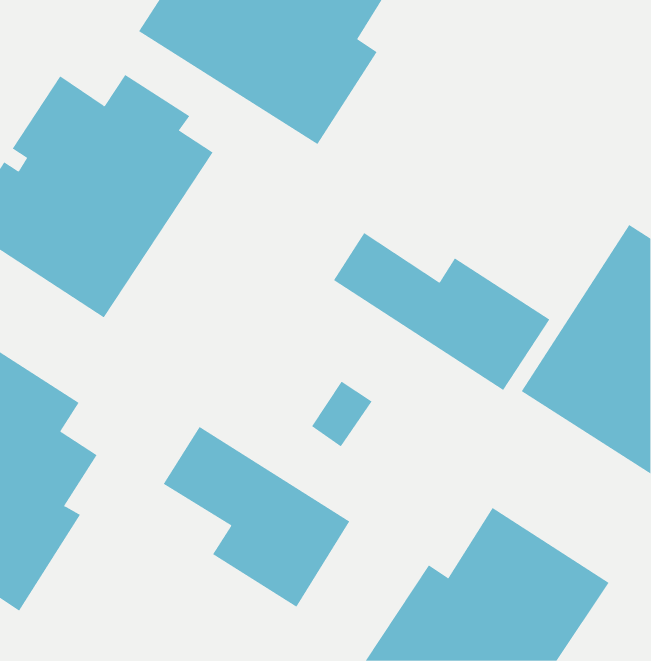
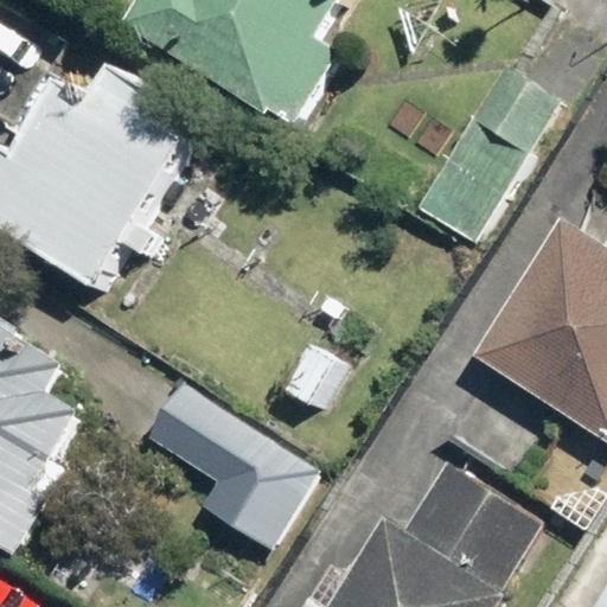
building: none -> [416,64,564,241]
building: [333,232,550,391] -> none

